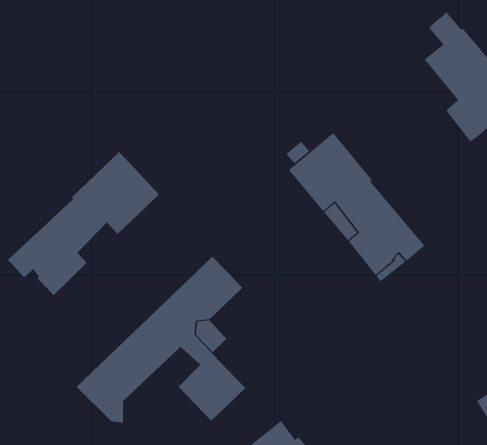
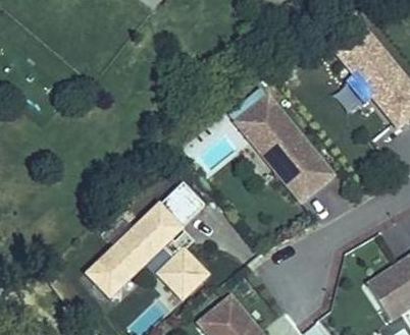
building: [7,151,160,296] -> none

